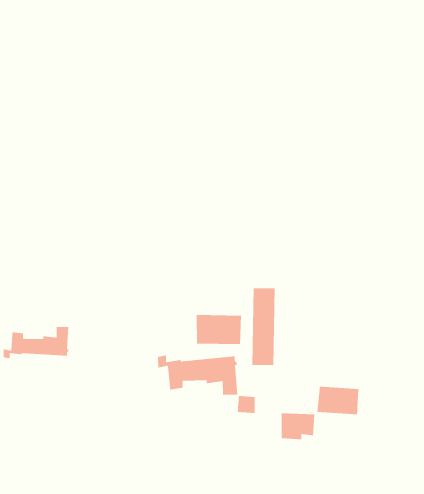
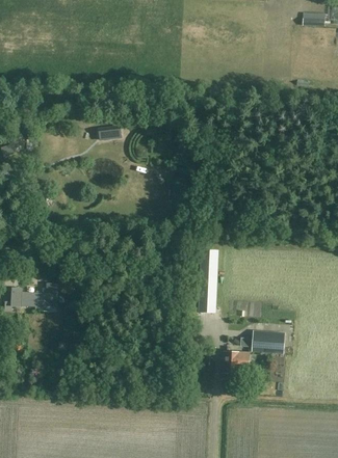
building: [196,314,242,345] -> none
building: [157,354,238,396] -> none

